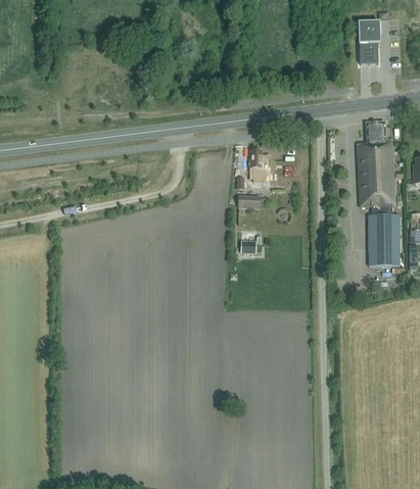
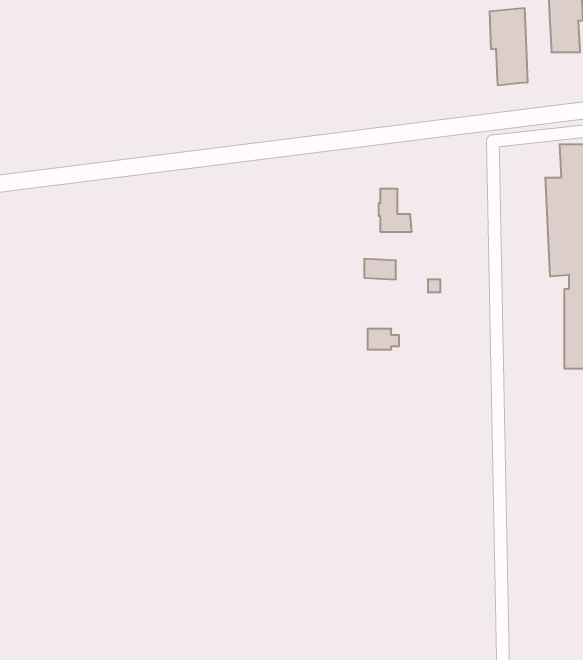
building: none -> [490,8,528,85]

